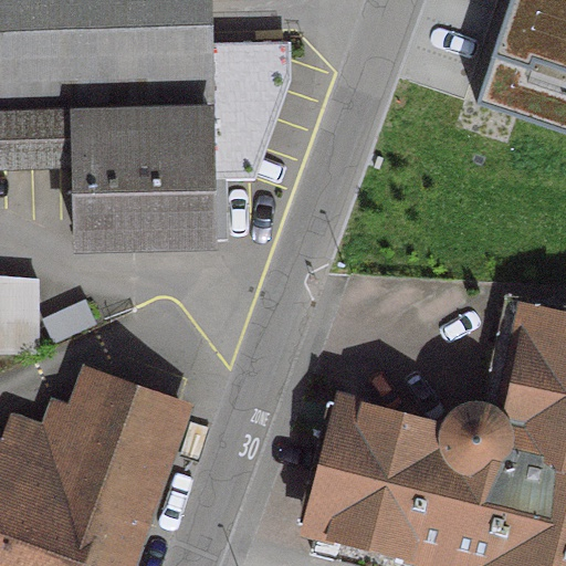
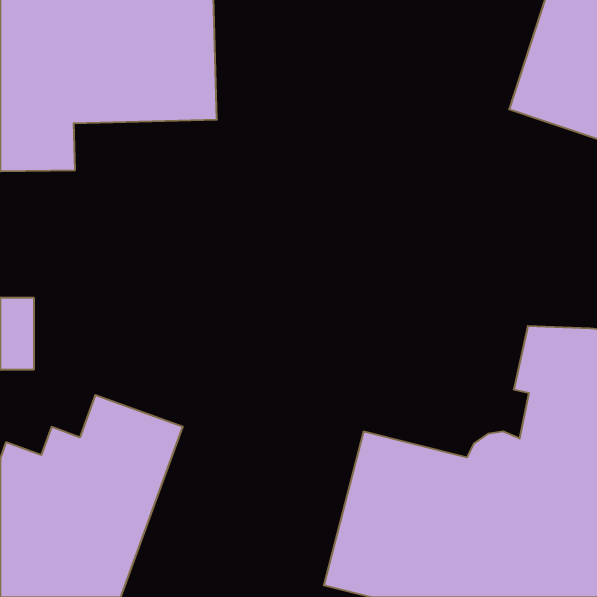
building: [72,113,209,244] -> none

